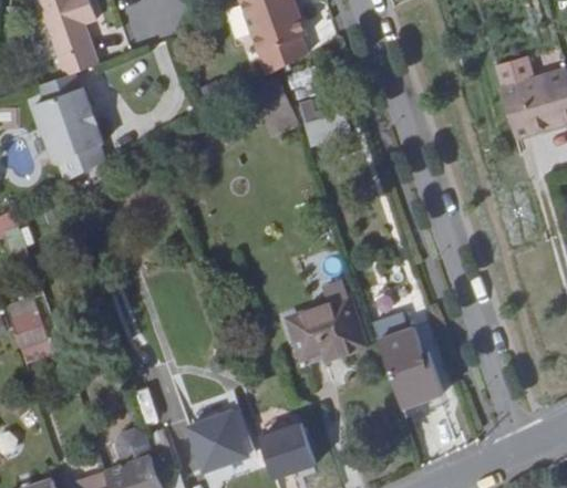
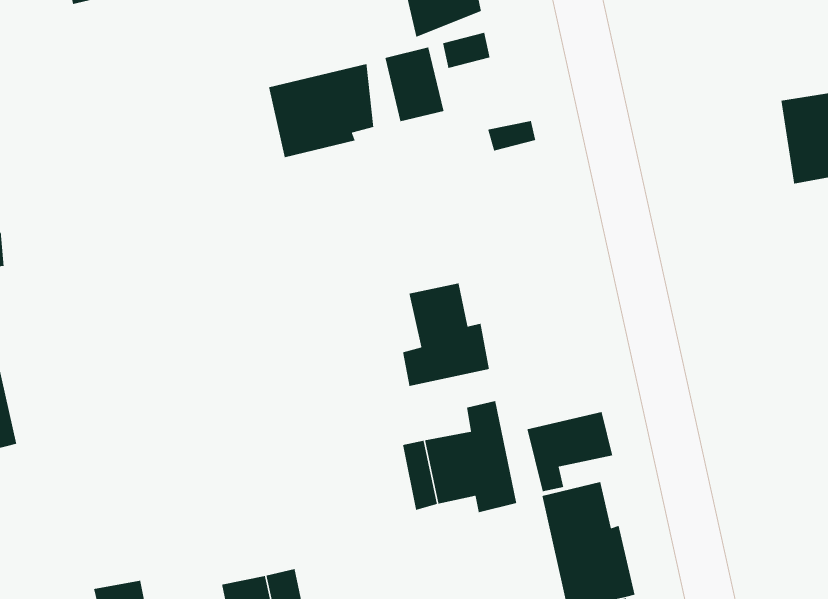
building: [33,84,105,178] -> none
building: none -> [268,63,374,158]
building: none -> [402,282,490,387]

